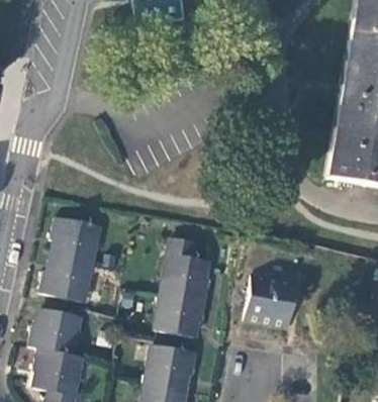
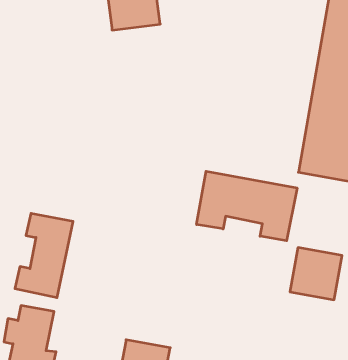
building: none -> [197,171,297,241]
building: [156,236,210,335] -> none
building: [244,275,296,327] -> [290,248,342,300]

